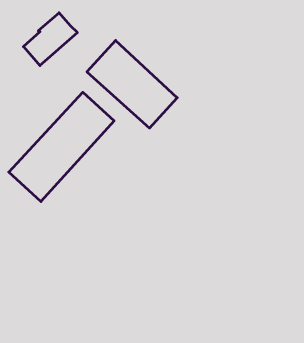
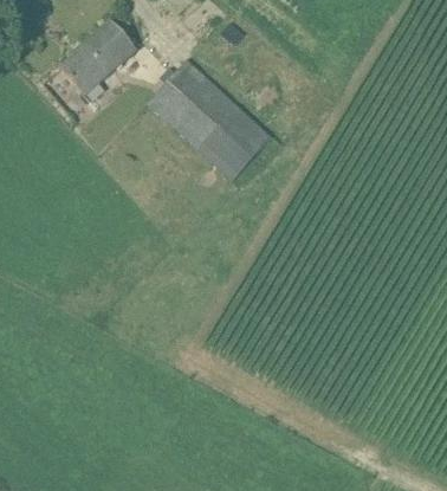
building: [9,92,114,202] -> none

